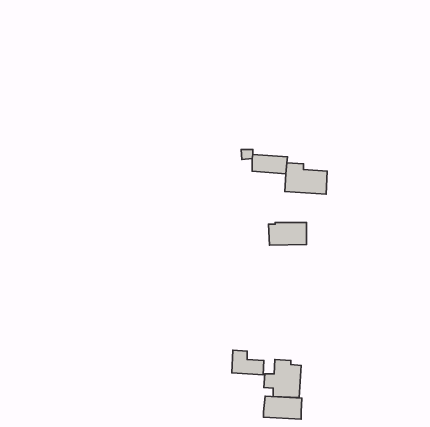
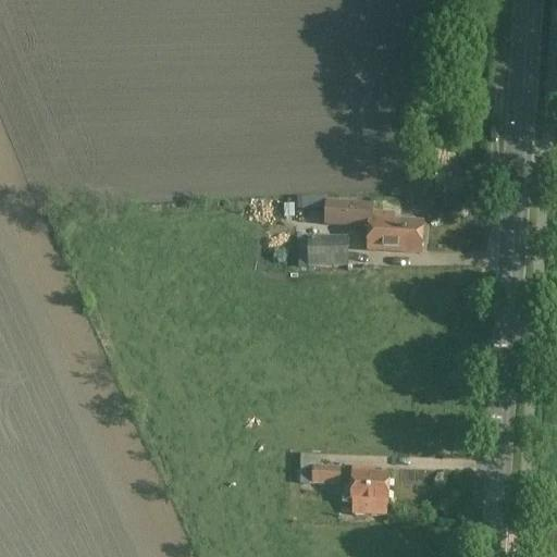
building: [269,223,306,245] -> [298,235,347,264]
building: [263,396,302,419] -> none

